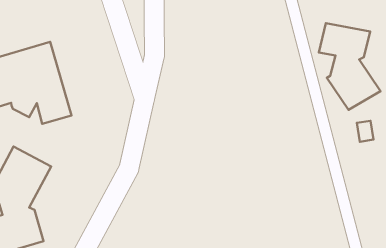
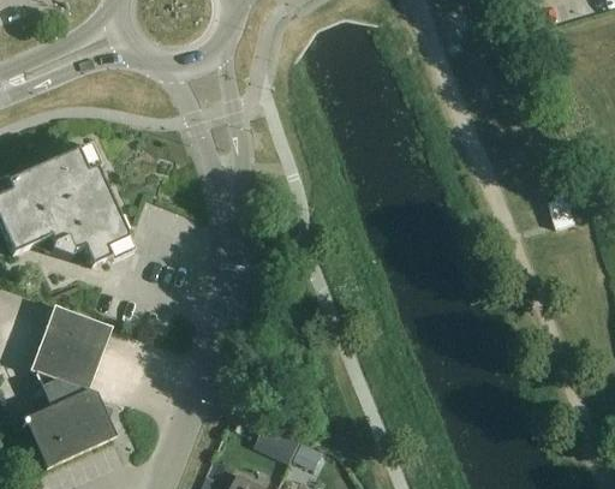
building: [319,23,381,110] -> none

